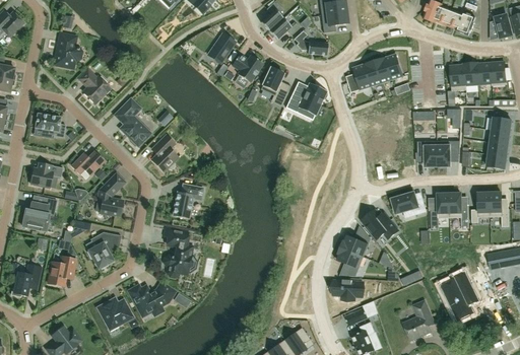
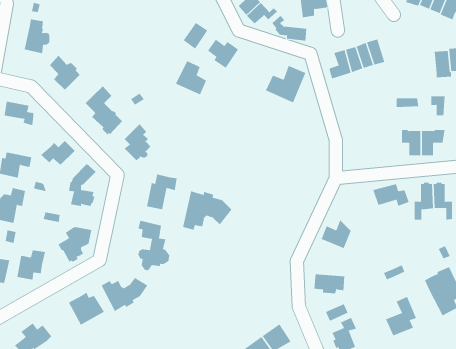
building: [260,66,290,99] -> [175,61,207,95]
building: none -> [183,190,232,230]
building: [362,209,398,238] -> none
building: [335,245,364,275] -> none

